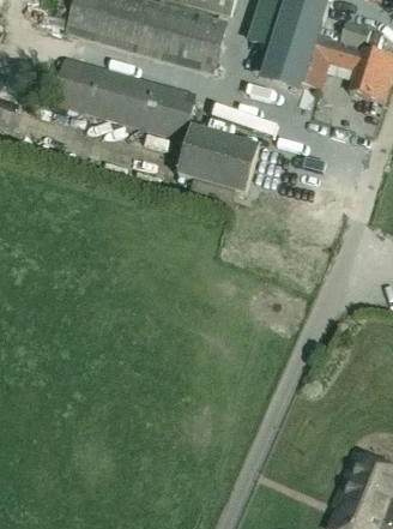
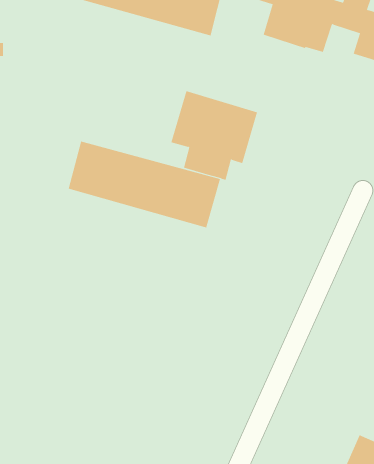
building: [53,56,198,139] -> [68,141,221,228]

